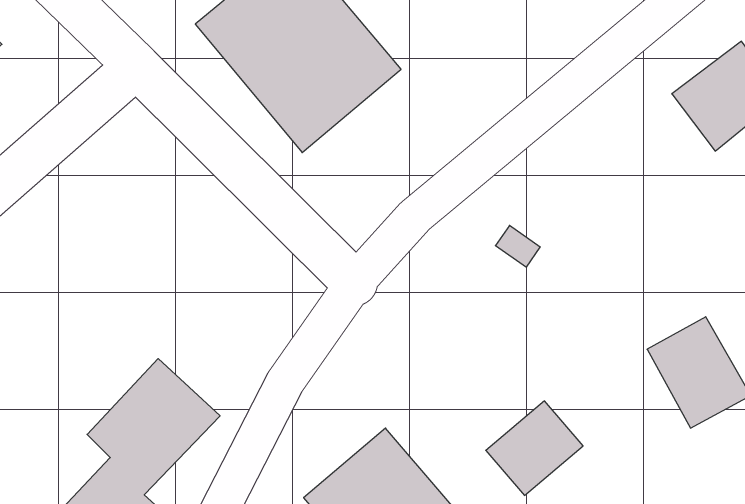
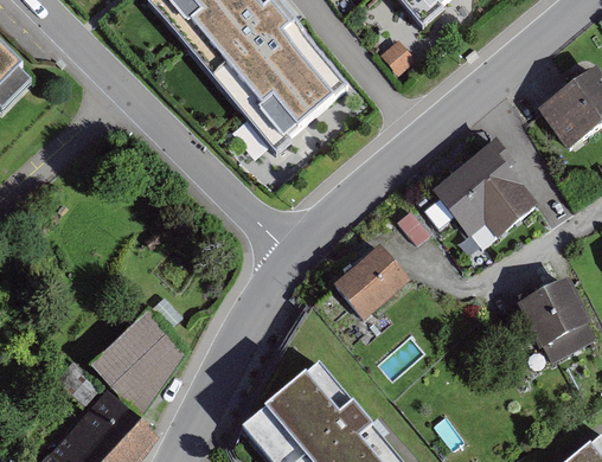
building: none -> [434,140,545,238]
building: [486,401,583,495] -> [335,246,410,319]

